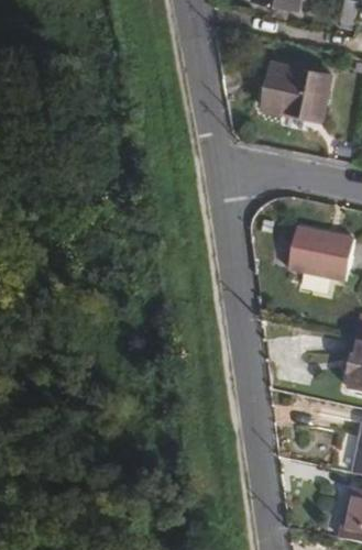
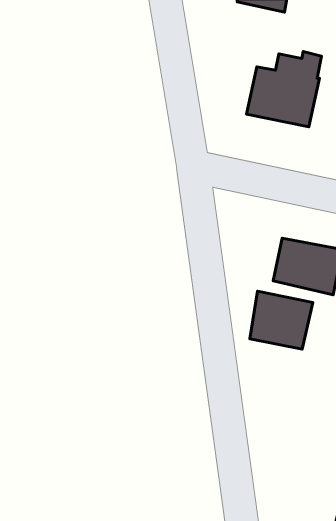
building: none -> [250,291,313,349]

